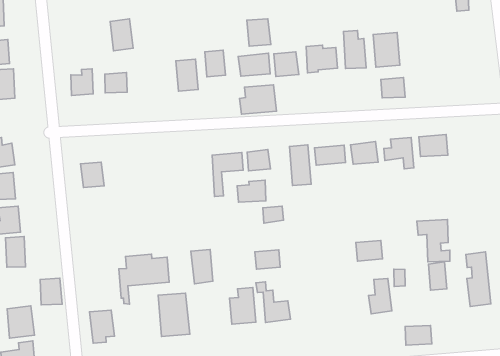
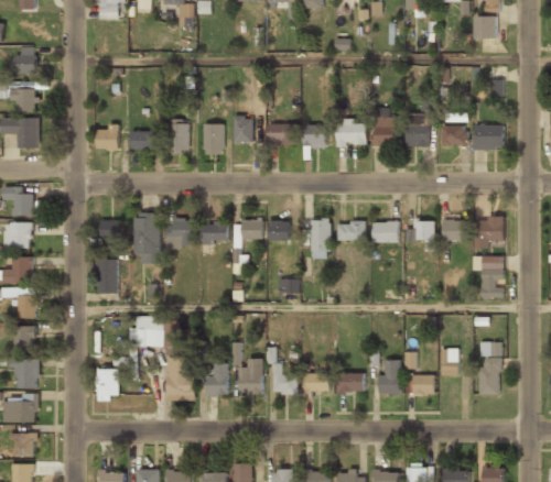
building: [247,19,271,46] -> none
building: [110,19,133,51] -> [168,120,188,151]
building: none -> [473,124,504,150]
building: [381,78,405,98] -> [442,125,465,145]
building: [240,85,277,114] -> none
building: none -> [474,216,504,249]
building: none -> [133,212,159,264]
building: none -> [165,219,194,248]
building: [237,180,266,202] -> [199,221,228,242]
building: none -> [97,259,118,294]
building: [417,220,450,262] -> [473,255,504,298]
building: [356,241,382,261] -> [338,373,364,392]
building: [191,250,213,284] -> [208,363,228,396]
building: [255,250,280,269] -> [305,373,329,391]
building: [40,278,62,305] -> [13,326,34,352]
building: [405,326,432,345] -> [408,374,434,394]

